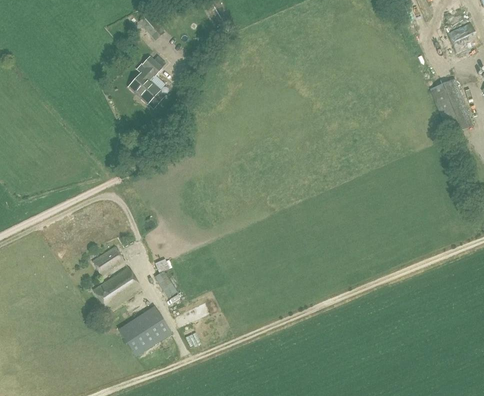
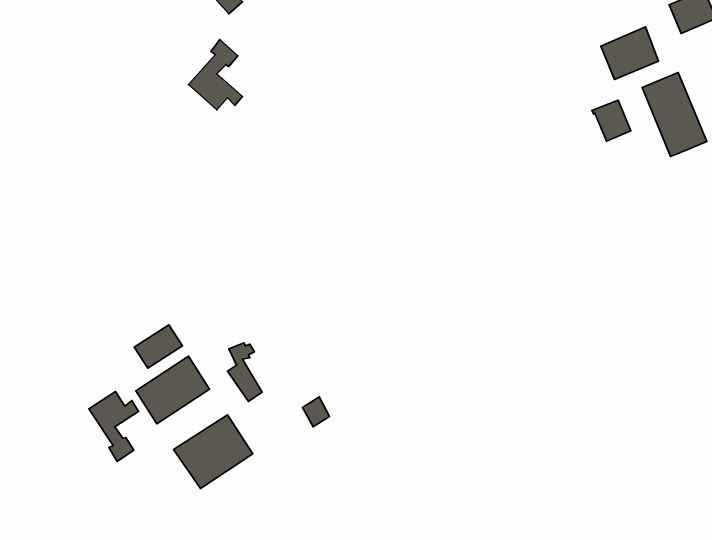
building: none -> [601,27,659,79]
building: none -> [592,100,631,141]
building: none -> [89,391,139,462]

